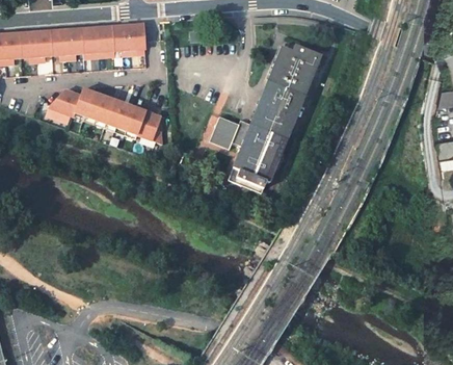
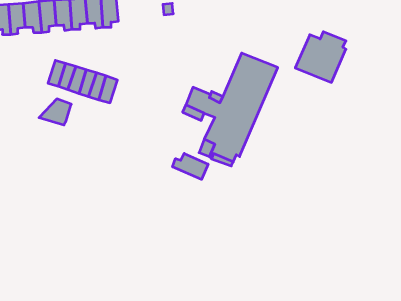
building: [269,46,320,97] -> [295,32,346,82]
building: [48,90,80,116] -> [39,99,71,125]
building: [137,109,163,140] -> none
building: none -> [173,153,208,179]

